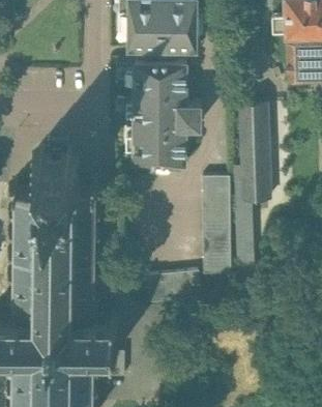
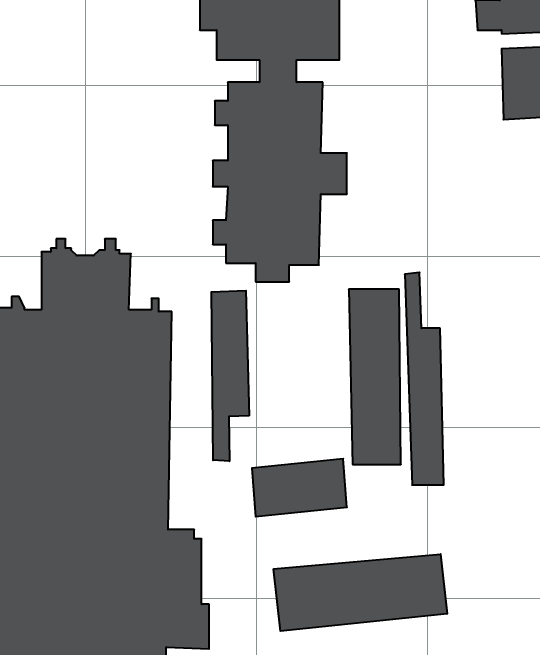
building: [239,105,270,201] -> none
building: none -> [211,291,249,461]
building: none -> [274,554,447,631]

